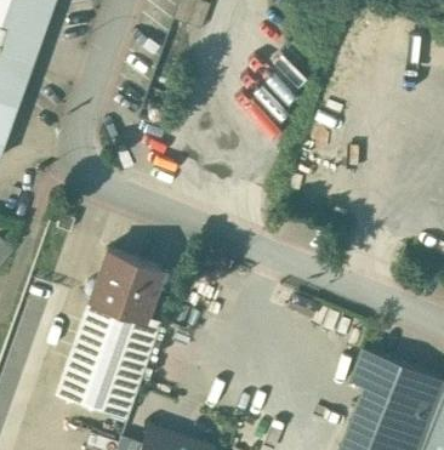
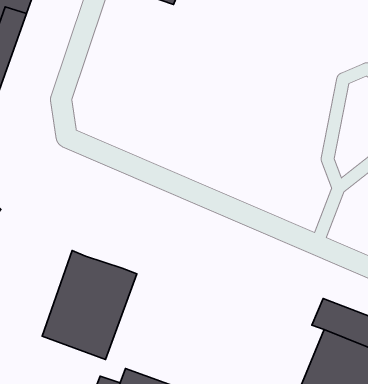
building: [85,254,163,320] -> none

